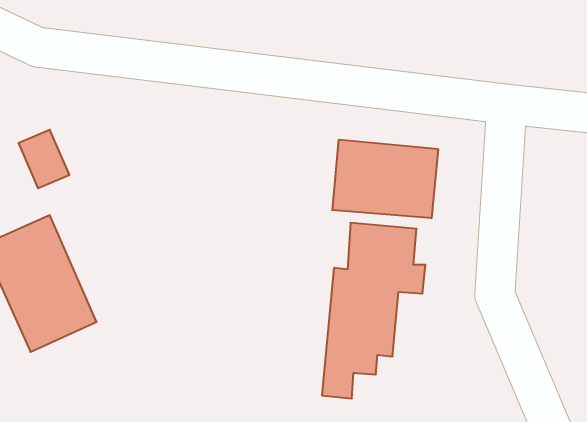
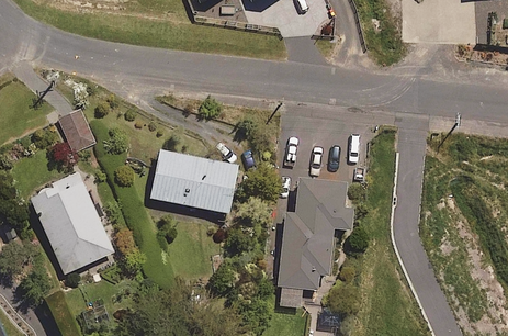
building: [332,140,438,218] -> none
building: none -> [150,149,239,213]

